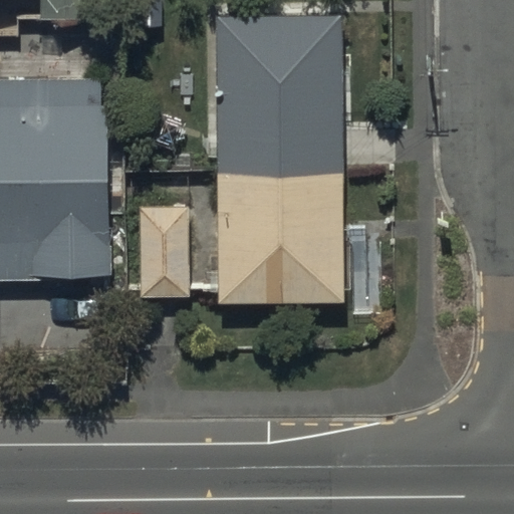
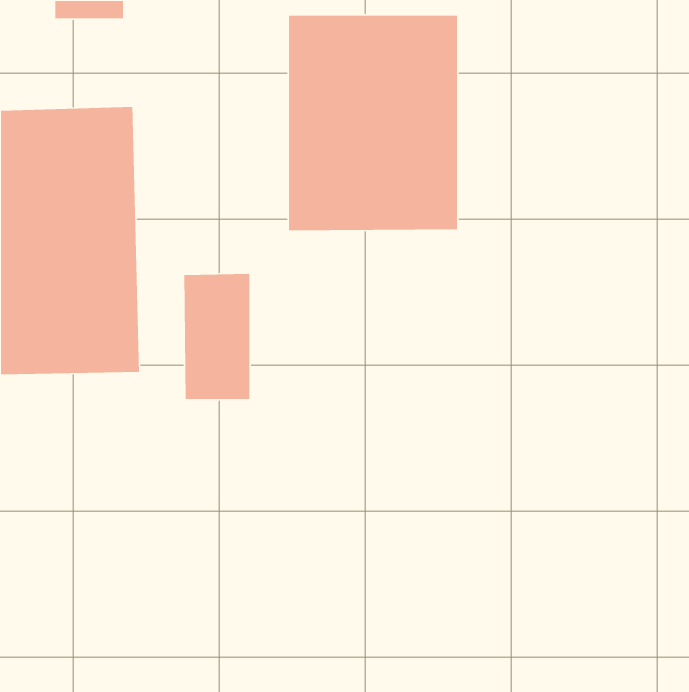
building: [217,172,354,302] -> none

